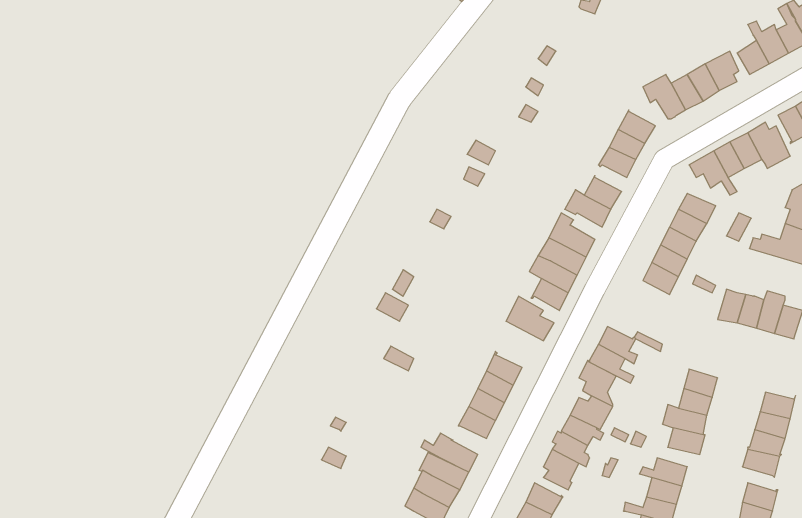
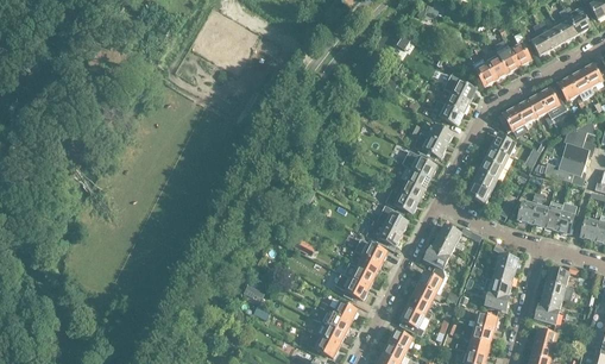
building: none -> [366,219,402,245]

